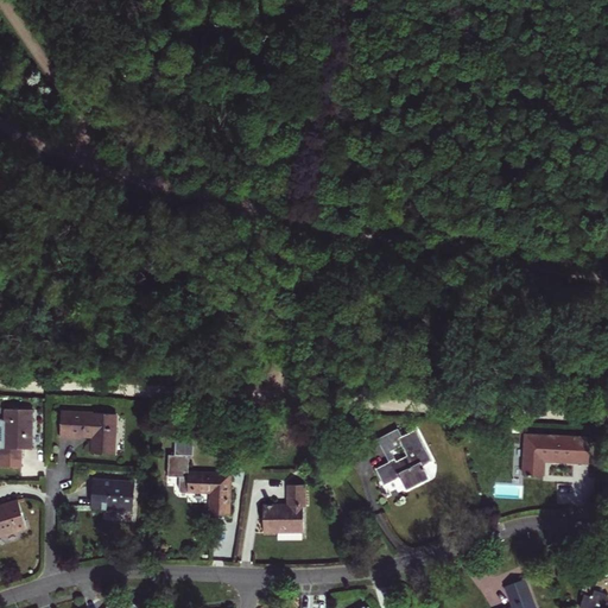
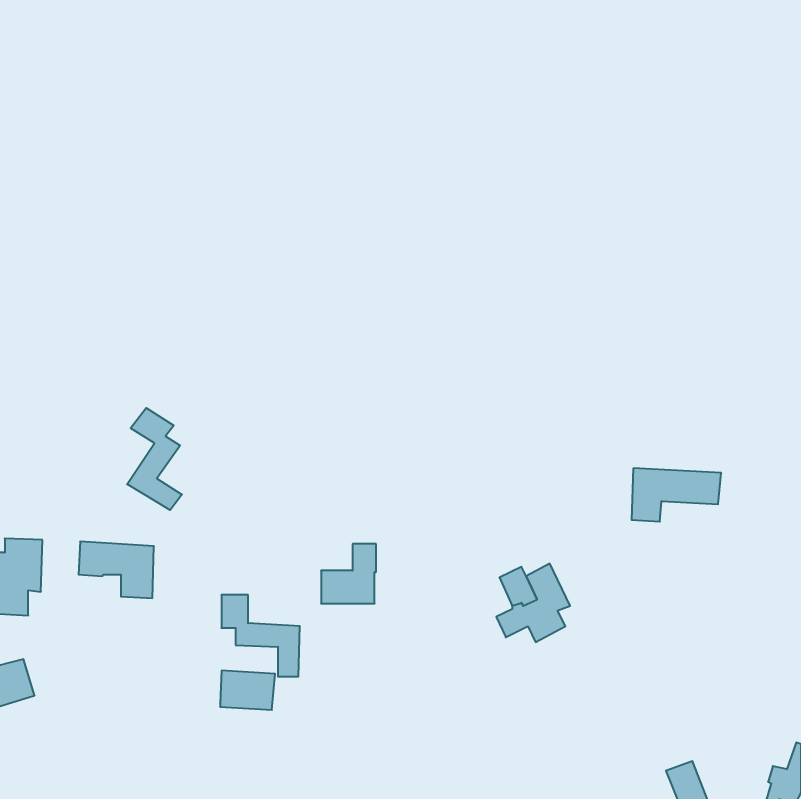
building: none -> [127,408,182,510]
building: [522,435,590,475] -> [632,468,721,522]
building: [91,480,133,509] -> [220,671,275,710]
building: [262,486,304,531] -> [321,544,376,604]

